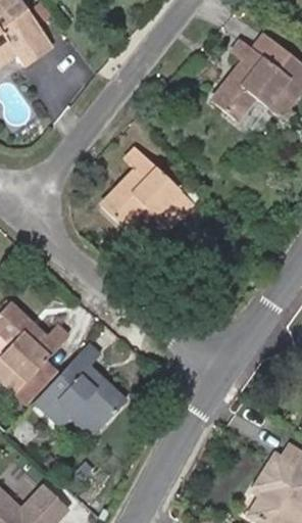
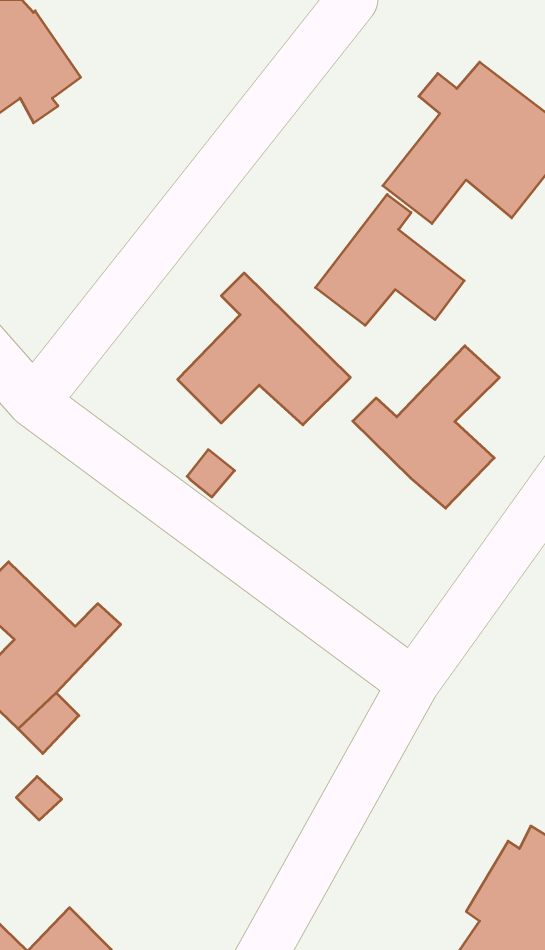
building: none -> [315,194,464,325]
building: none -> [353,346,499,508]
building: [34,343,127,432] -> none

